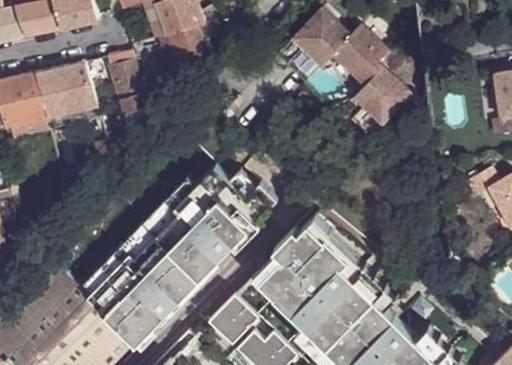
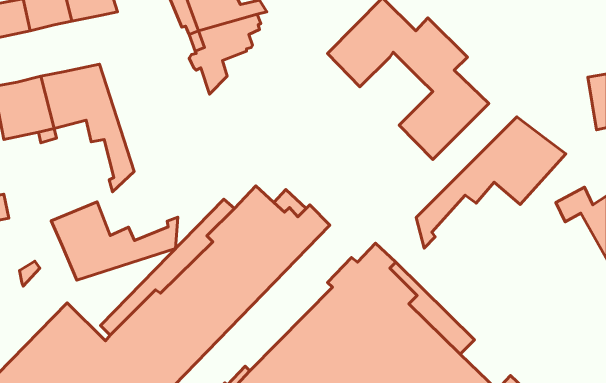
building: [111,53,146,103] -> none
building: none -> [416,117,566,248]
building: none -> [51,202,178,280]

